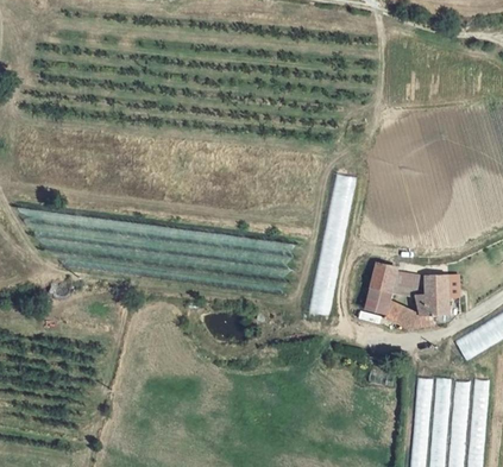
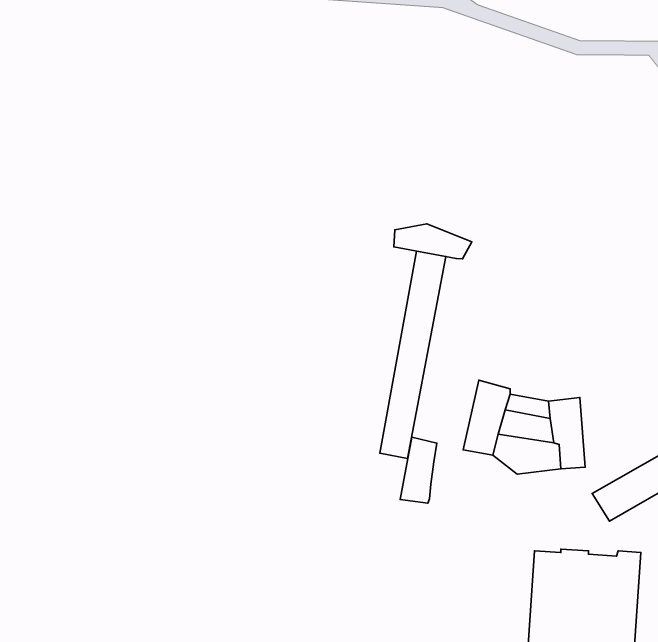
building: none -> [394,224,472,259]
building: [390,283,428,305] -> none
building: none -> [400,437,437,503]

